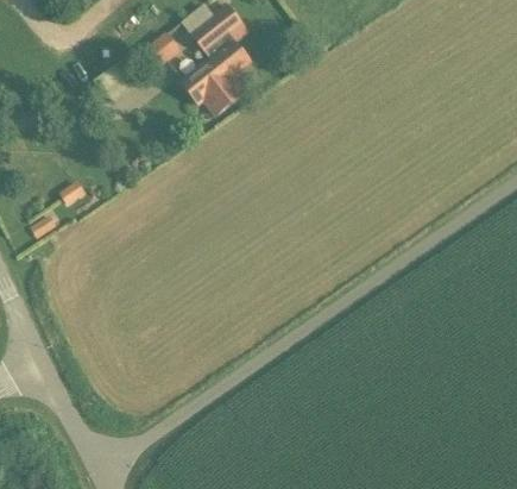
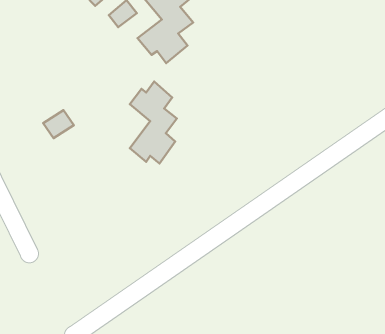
building: none -> [130,81,177,163]

